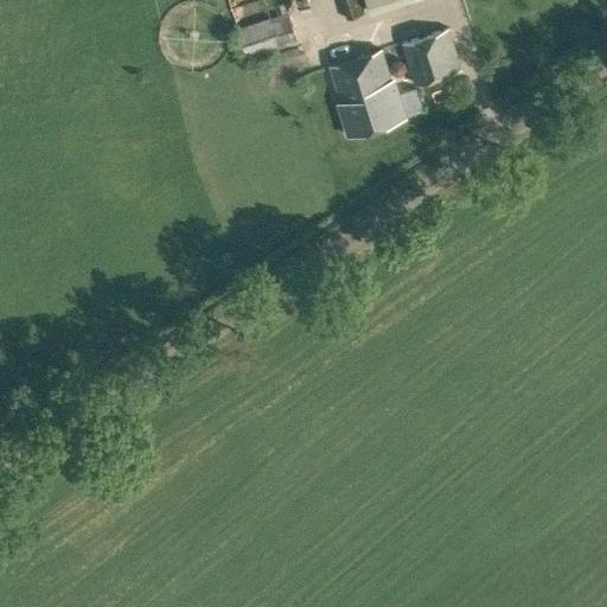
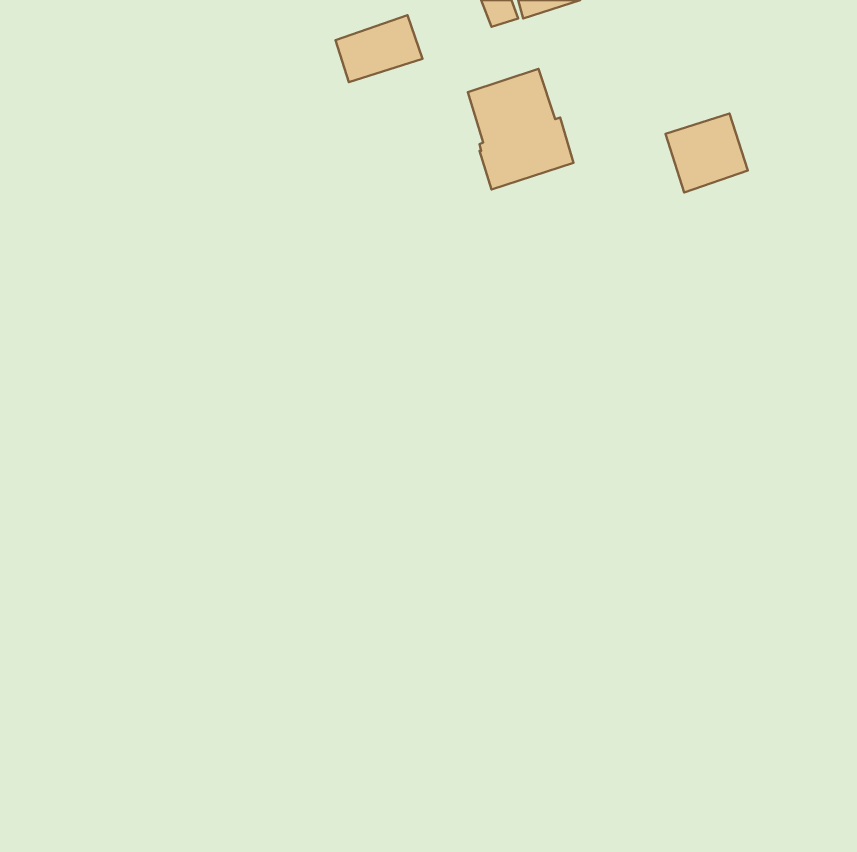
building: [402,31,460,87] -> [666,114,748,192]

